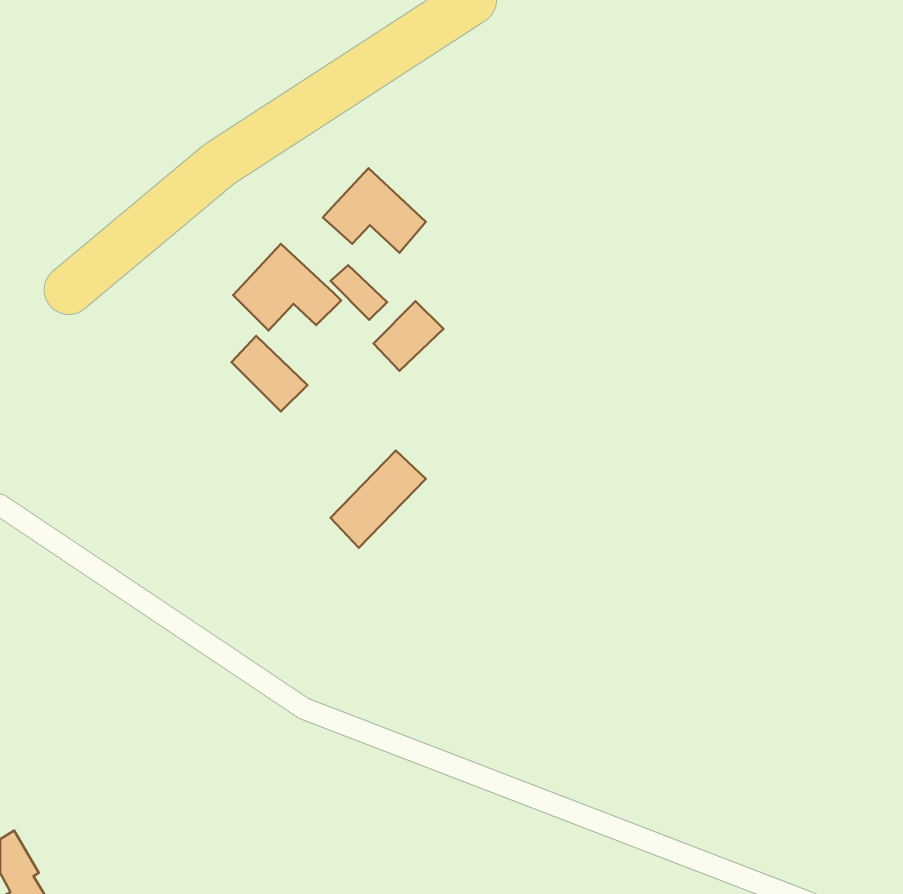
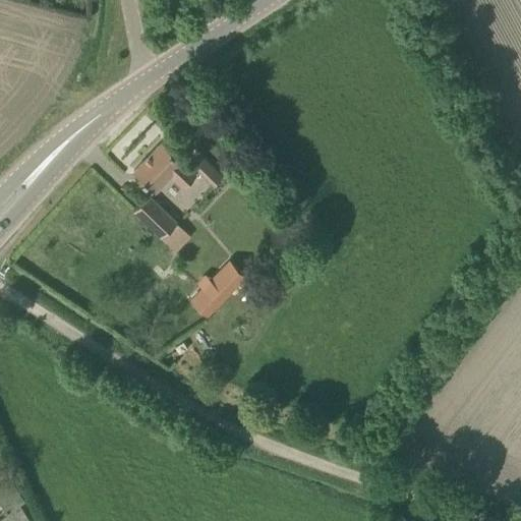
building: [323,168,426,253] -> none
building: [373,301,443,371] -> none

